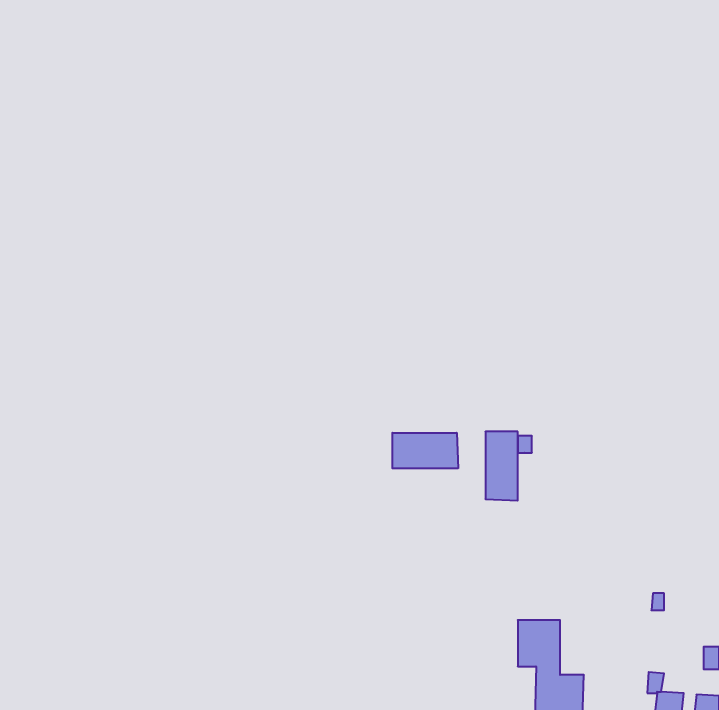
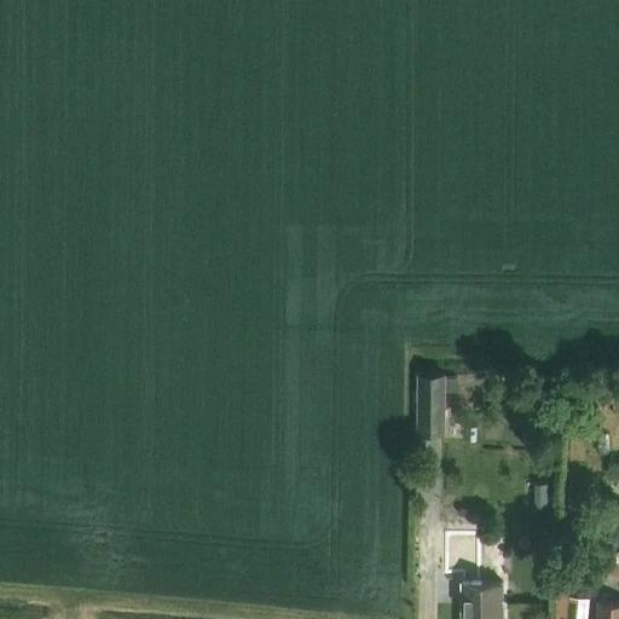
building: [392,433,458,468] -> none

